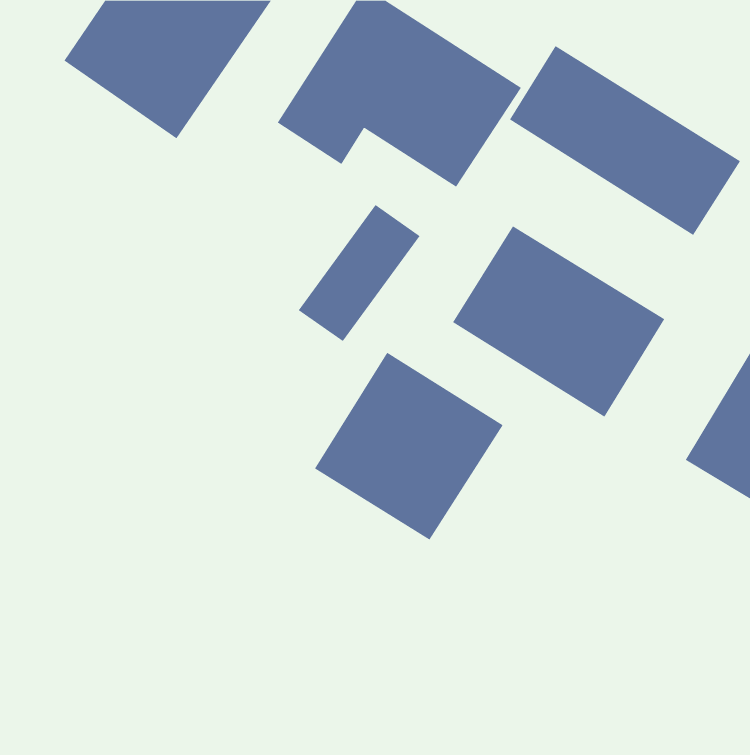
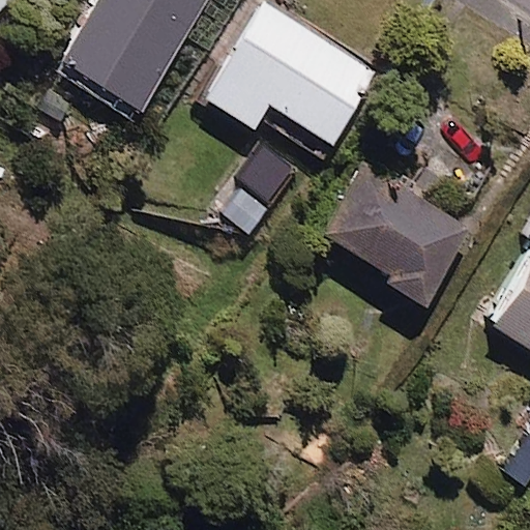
building: [509,45,741,236] -> none
building: [314,352,503,541] -> none

